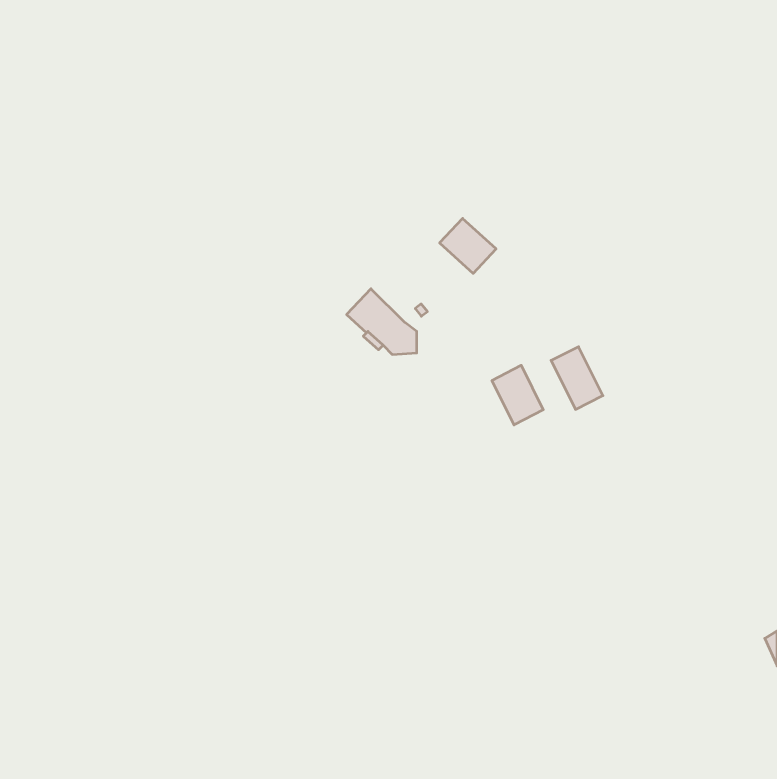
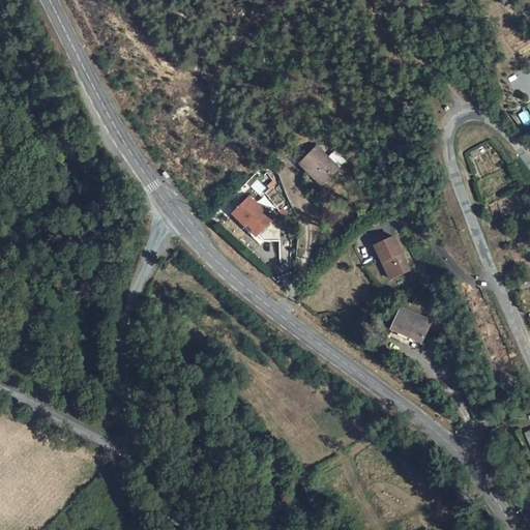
building: [492,365,543,425] -> none
building: none -> [390,308,429,341]

